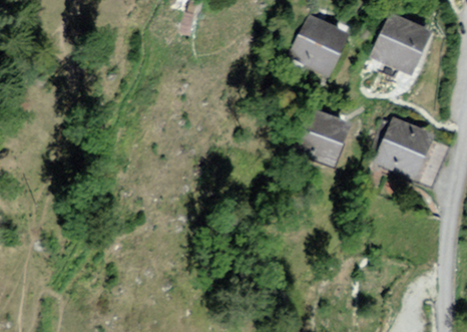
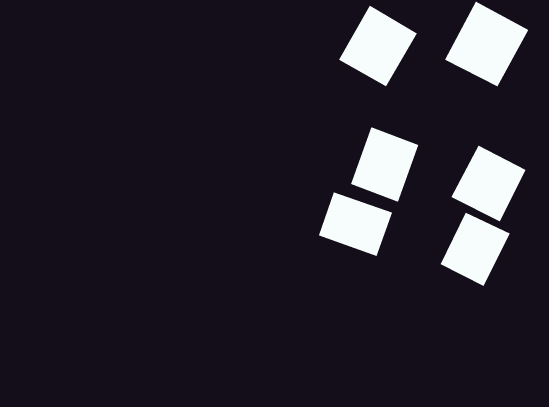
building: none -> [318,192,393,257]
building: none -> [440,212,511,287]

